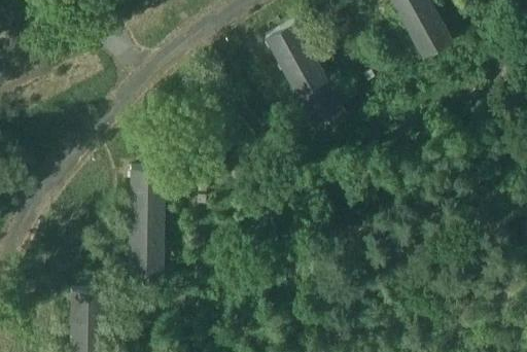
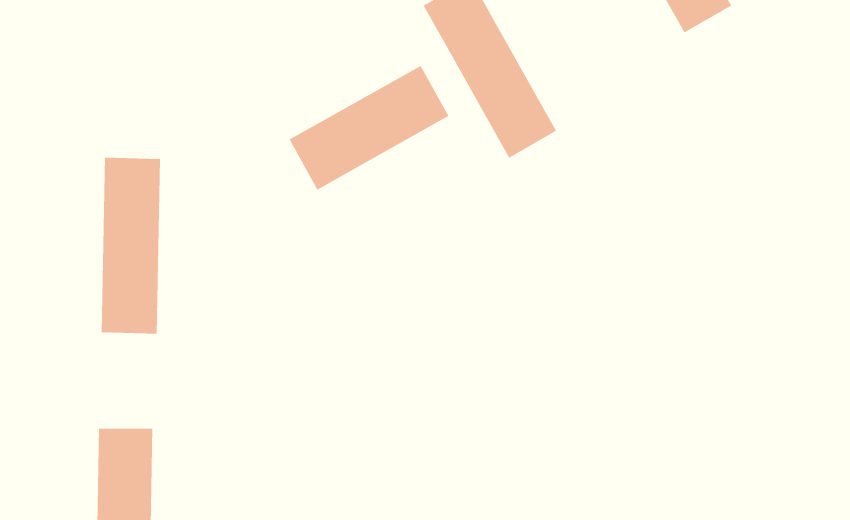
building: none -> [289,65,449,190]
building: [129,172,165,278] -> [101,157,161,334]

